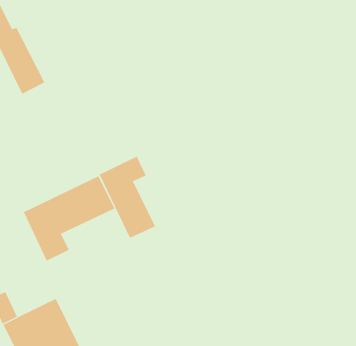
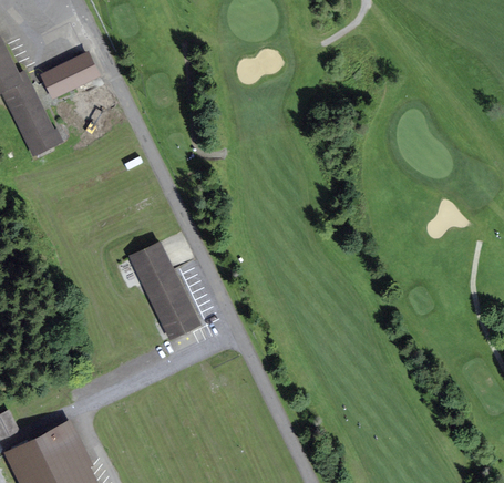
building: none -> [38,50,97,97]
building: [23,176,115,261] -> none

